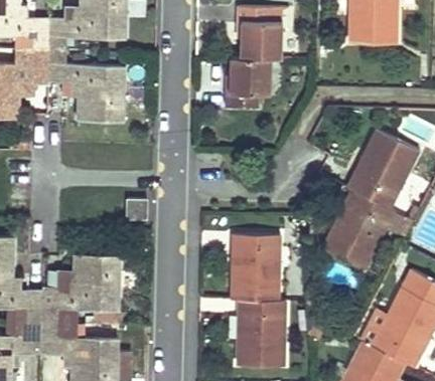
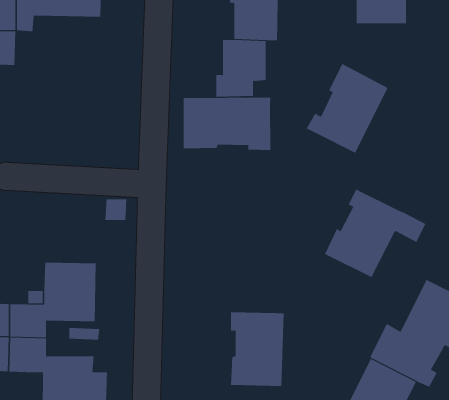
building: [47,49,125,120] -> none
building: none -> [183,97,271,151]
building: [344,129,418,209] -> [306,63,388,153]
building: [233,234,281,301] -> none

